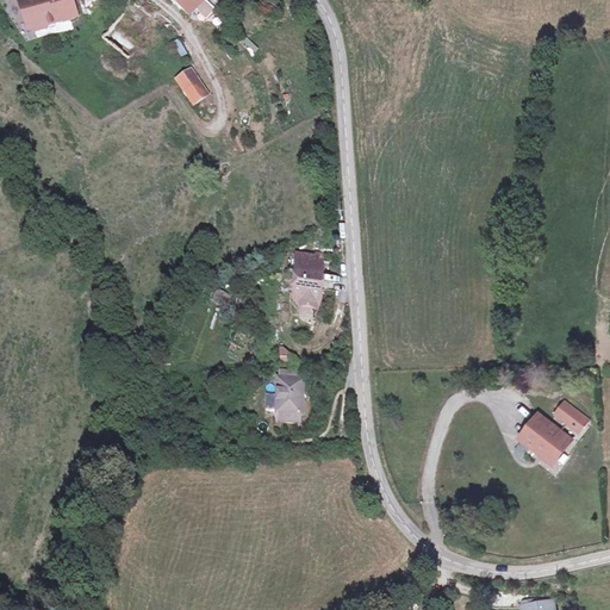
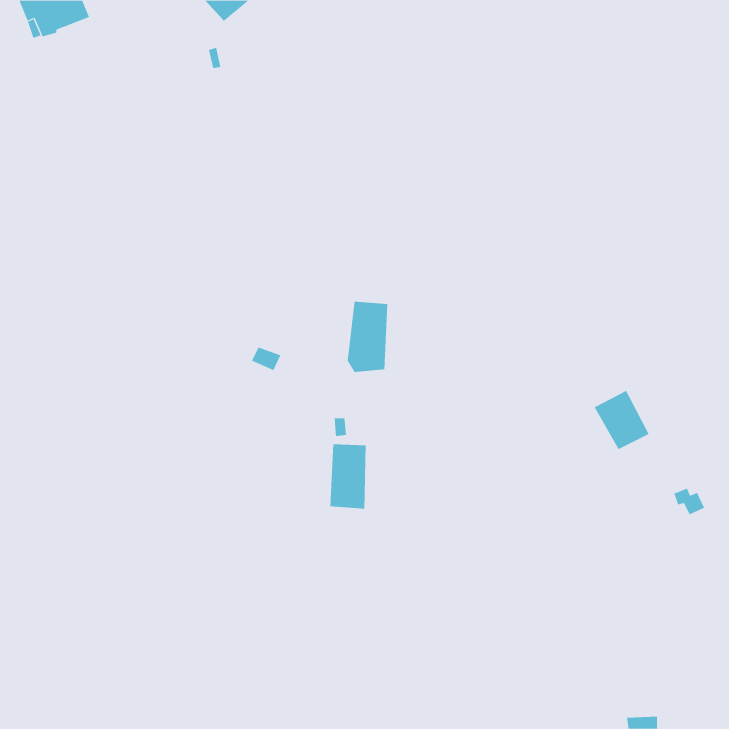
building: [174,67,210,107] -> none
building: [516,403,562,453] -> [594,390,649,450]

